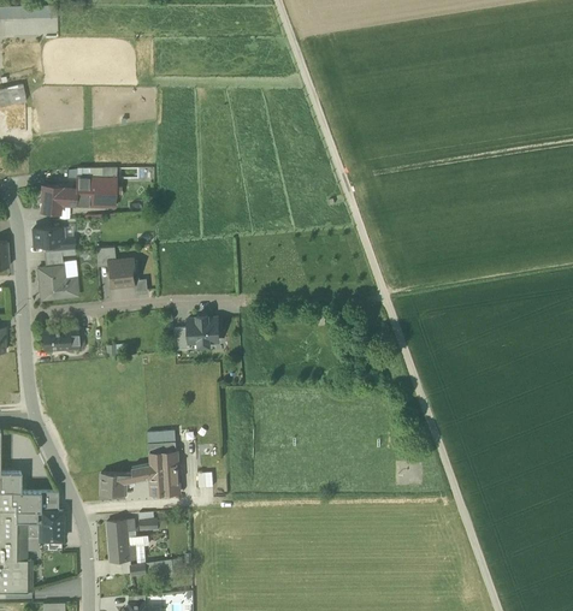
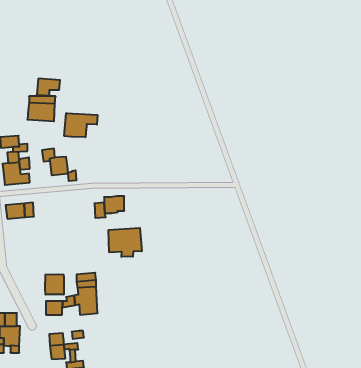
building: [40,186,75,212] -> [37,79,60,95]
building: none -> [64,113,97,137]
building: none -> [109,228,142,257]
building: none -> [45,274,64,295]

